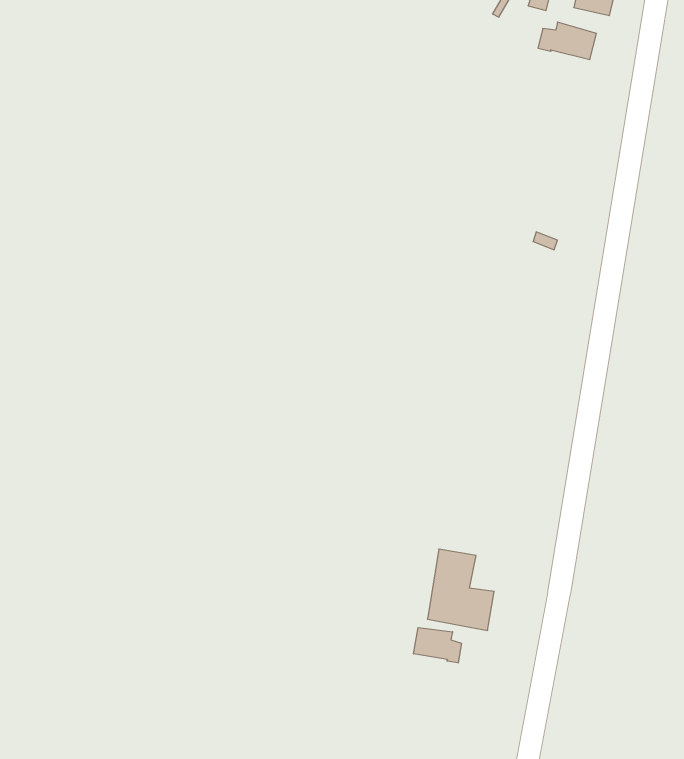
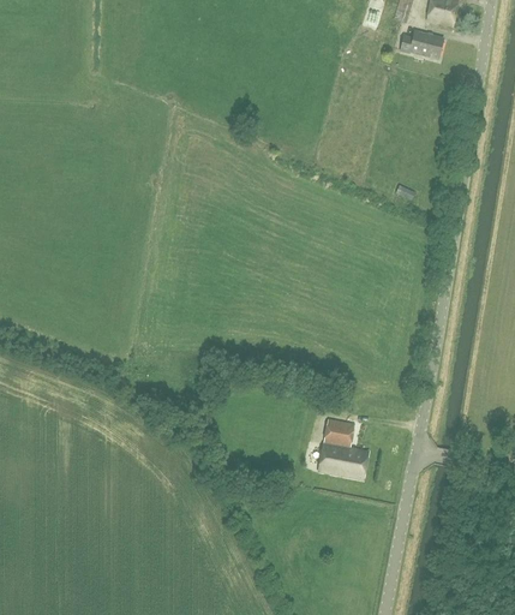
building: [414,628,462,663] -> none

